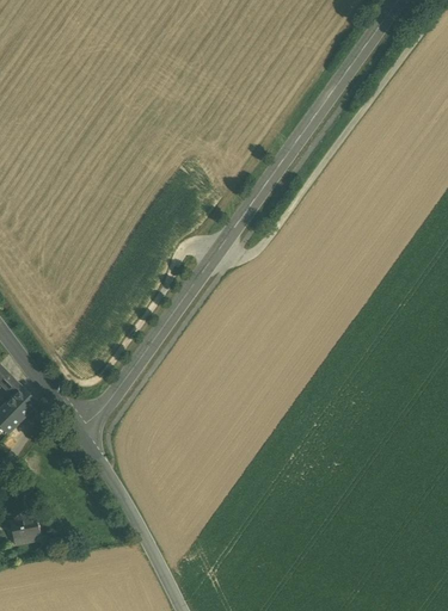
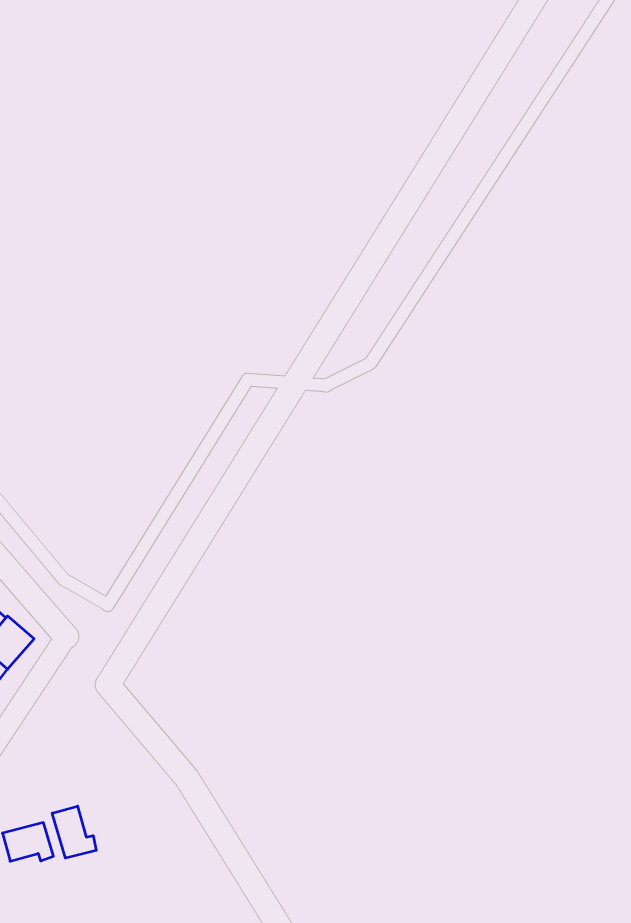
building: none -> [52,806,96,858]

